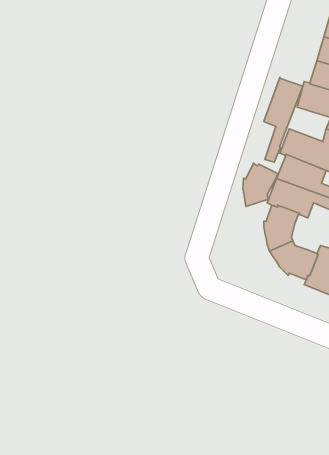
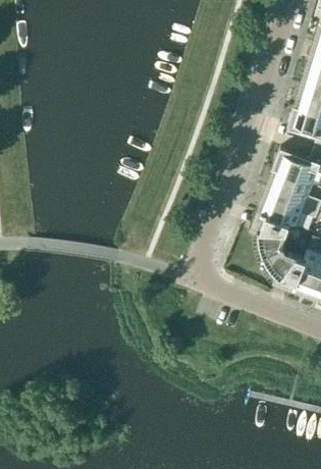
building: [264,78,303,162] -> none
building: [243,163,278,207] -> none

